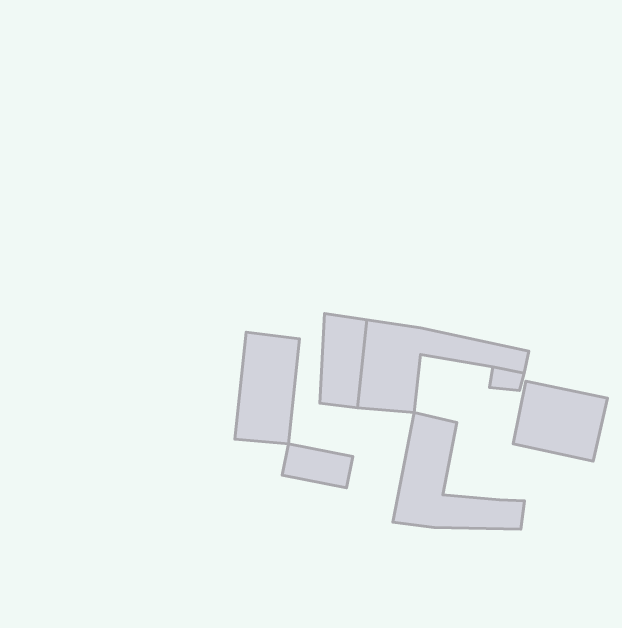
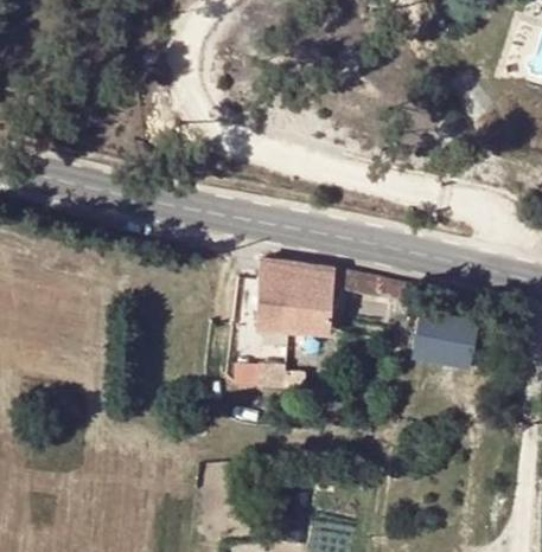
building: [235,332,299,444] -> none
building: [393,412,525,529] -> none

